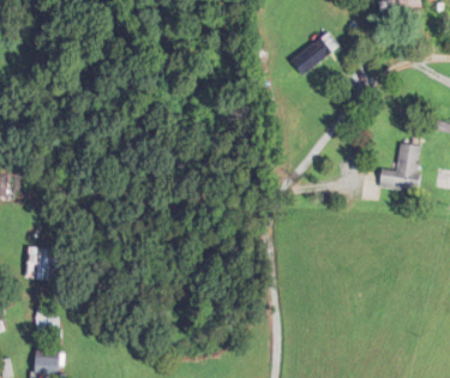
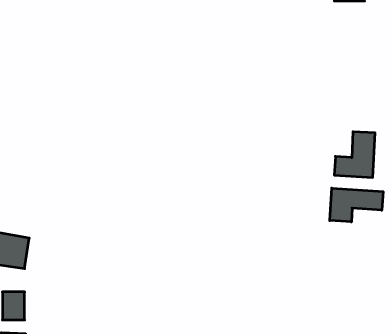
building: [290,31,340,74] -> none
building: none -> [330,188,383,222]

